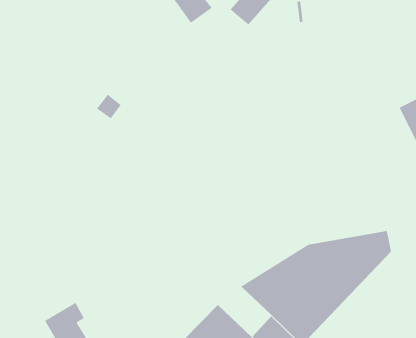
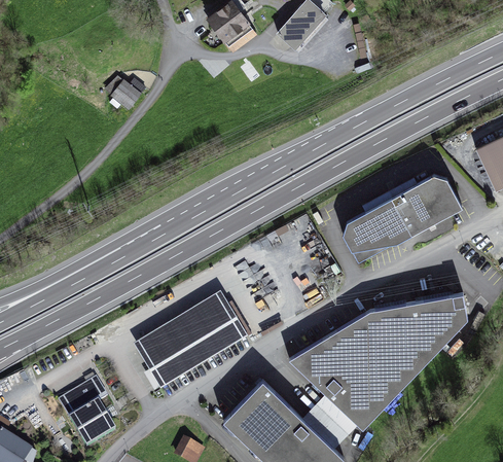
building: [96,94,122,119] -> [111,78,141,108]
building: none -> [343,174,462,263]
building: none -> [138,298,247,387]

